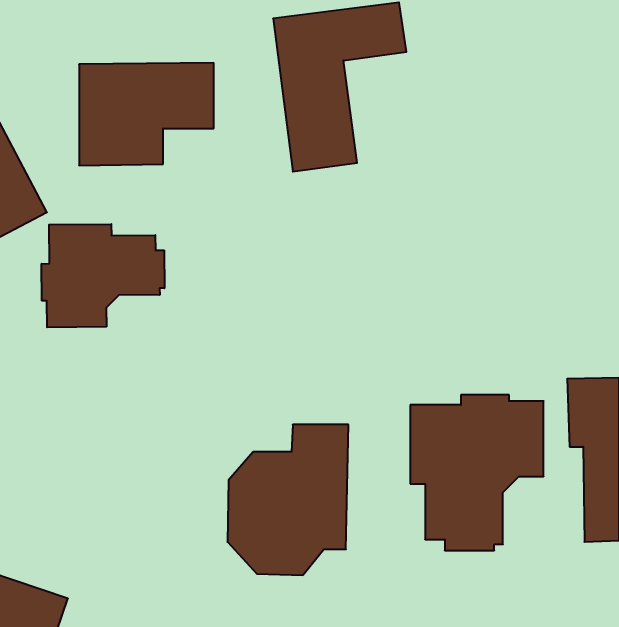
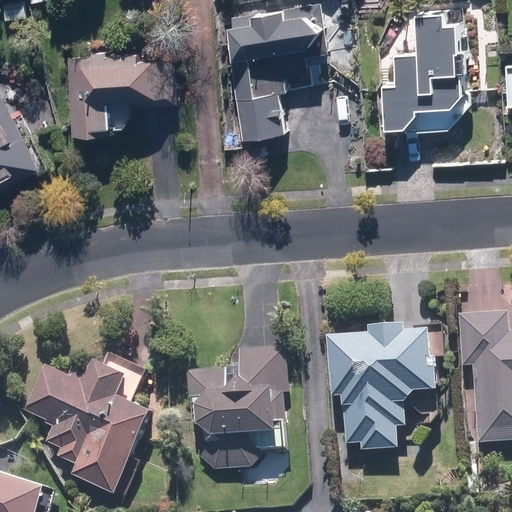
building: none -> [367,11,479,140]
building: [42,224,164,327] -> none
building: none -> [25,350,156,495]

